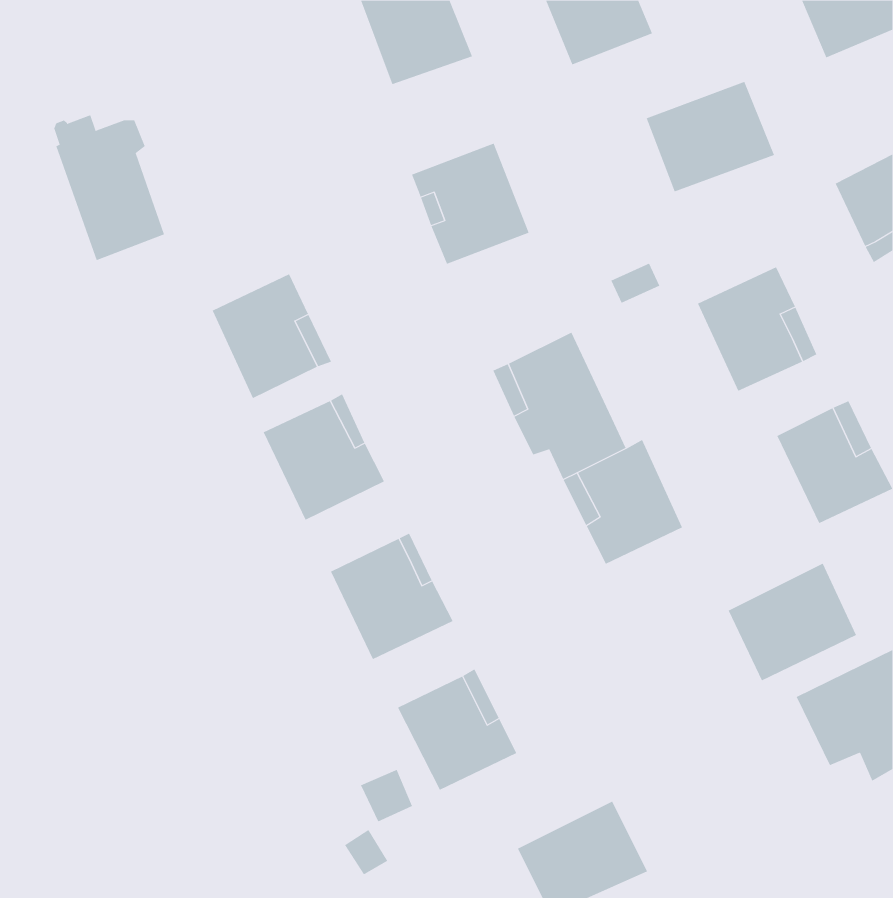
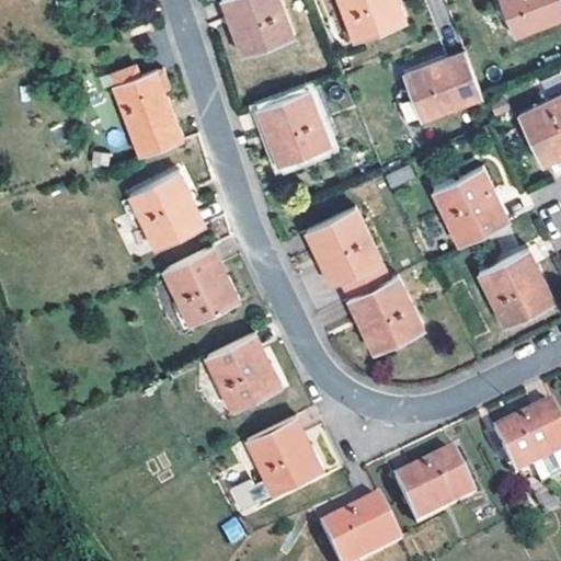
building: [54,114,165,261] -> [113,67,182,158]
building: [728,563,857,681] -> [396,454,476,527]

